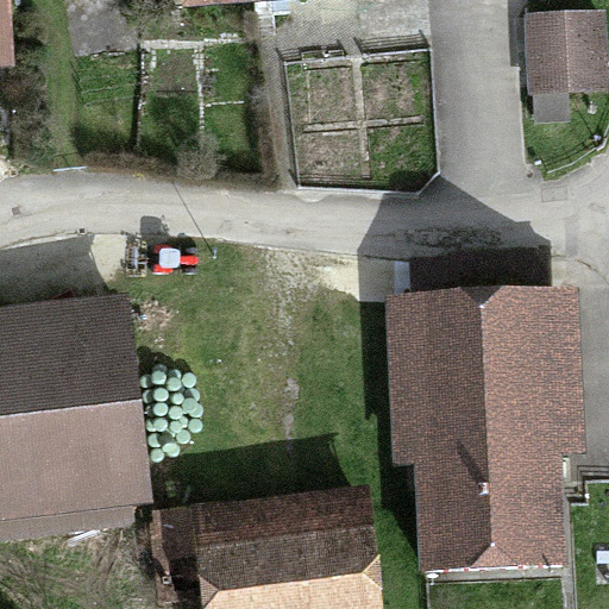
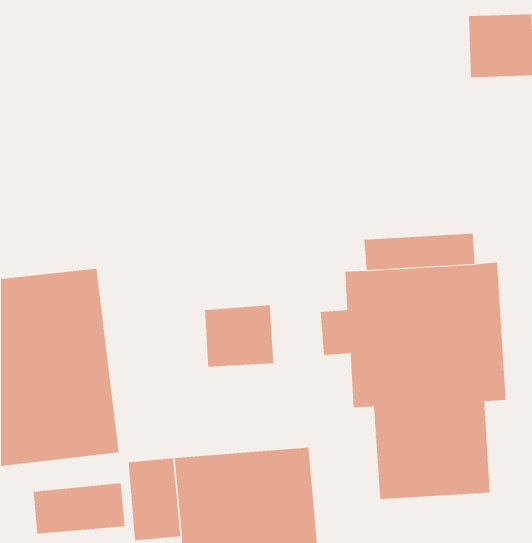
building: none -> [204,305,274,367]
building: none -> [33,482,125,534]

